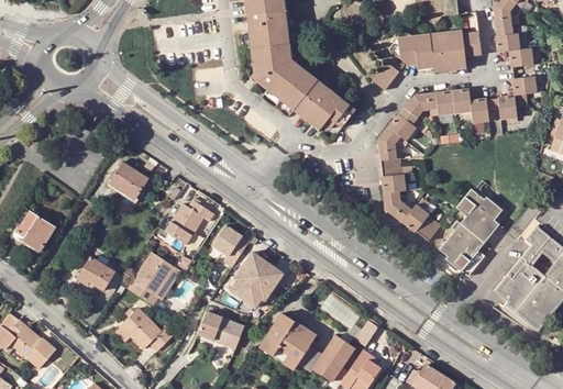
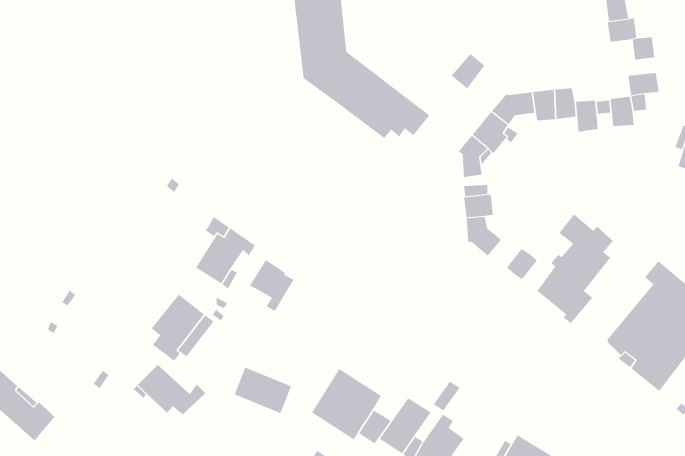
building: [388,31,481,71] -> none
building: [110,162,150,198] -> none
building: [400,200,430,233] -> none
building: [16,210,56,248] -> none
building: [231,249,286,305] -> none
building: [77,256,123,293] -> none

